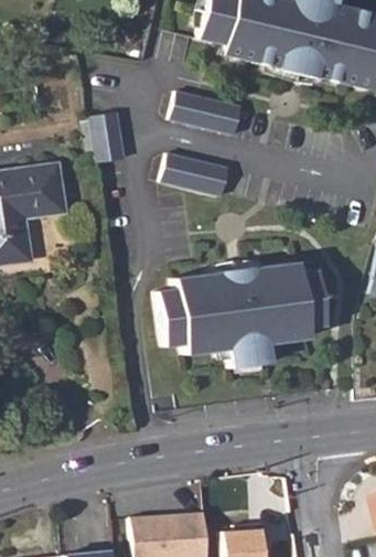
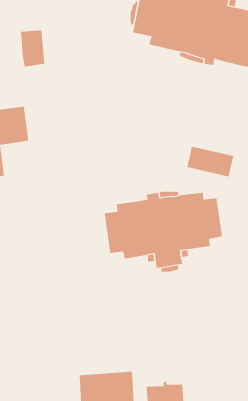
building: [178,100,246,141] -> none
building: [86,108,120,159] -> [20,30,45,67]
building: [169,160,234,202] -> [186,146,234,177]

